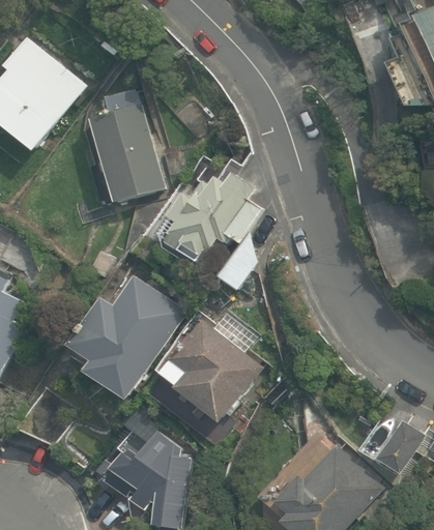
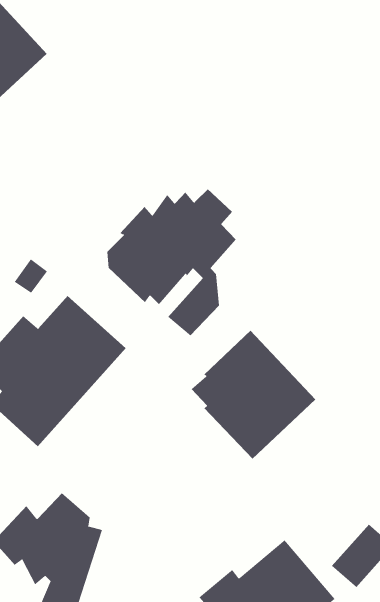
building: [90,89,165,203] -> none
building: [156,319,258,422] -> [191,330,316,460]

